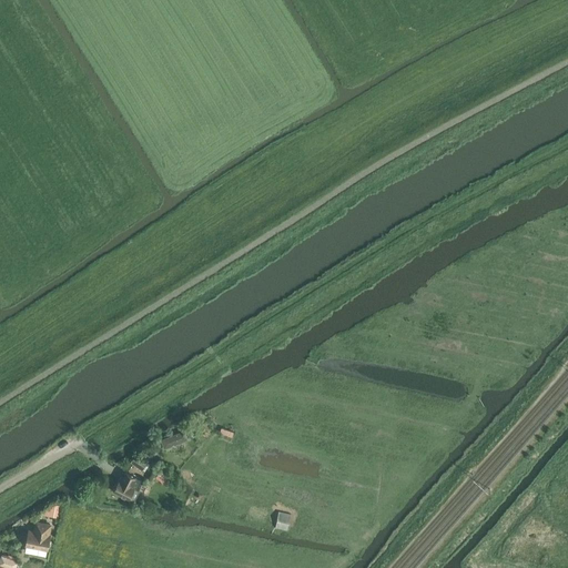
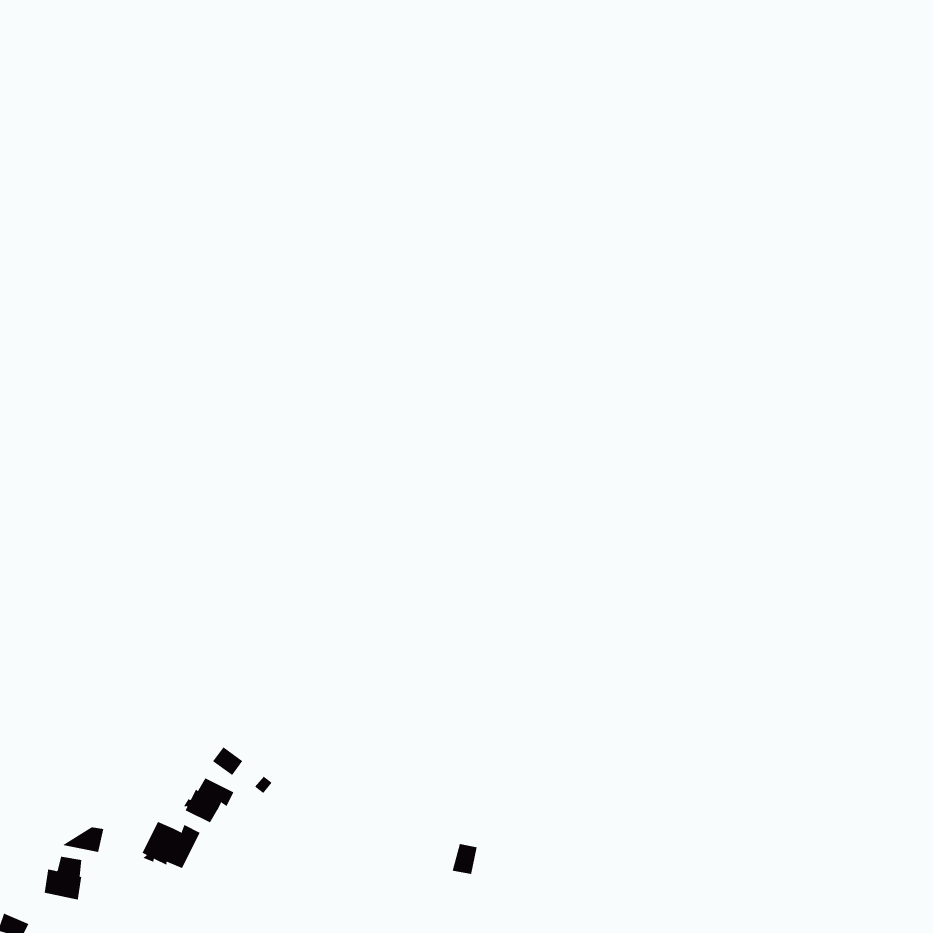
building: none -> [142,821,200,869]

